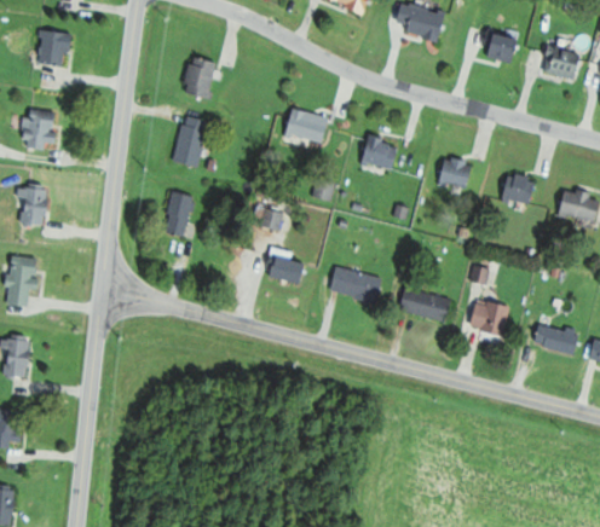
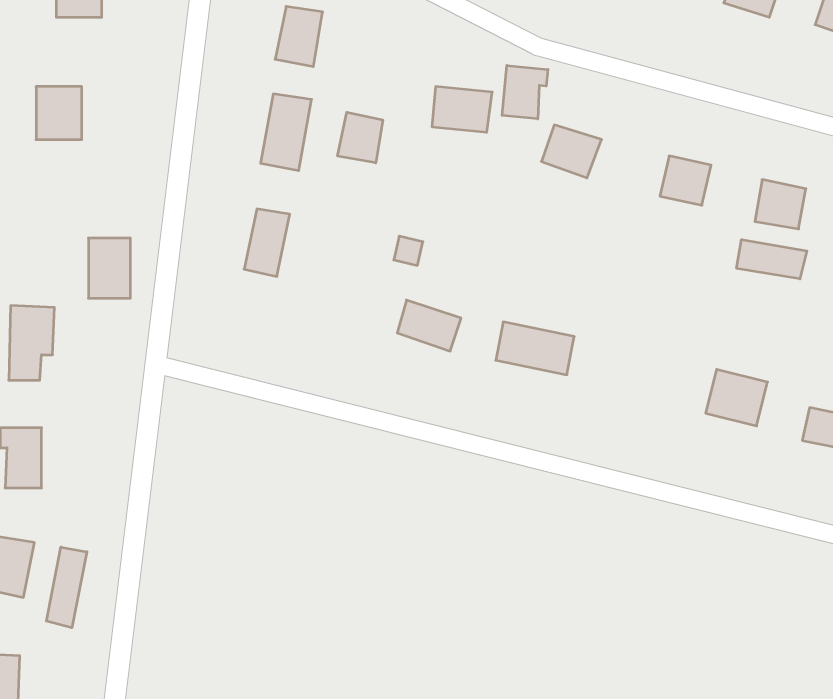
building: none -> [502,65,548,119]
building: none -> [338,112,383,163]
building: [19,186,47,226] -> [88,238,130,298]
building: none -> [737,240,807,279]
building: [400,289,451,320] -> none
building: none -> [46,547,87,628]

